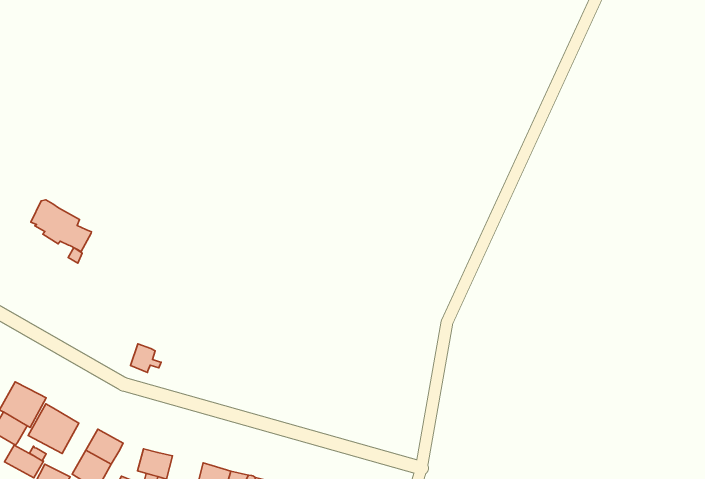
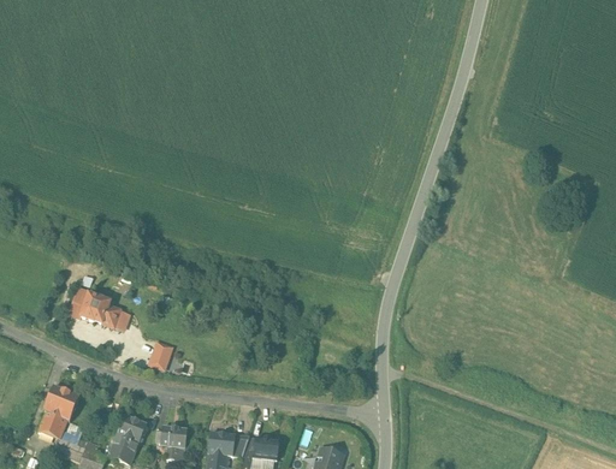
building: [31,200,91,252] -> [71,287,120,325]
building: [28,404,79,454] -> none

